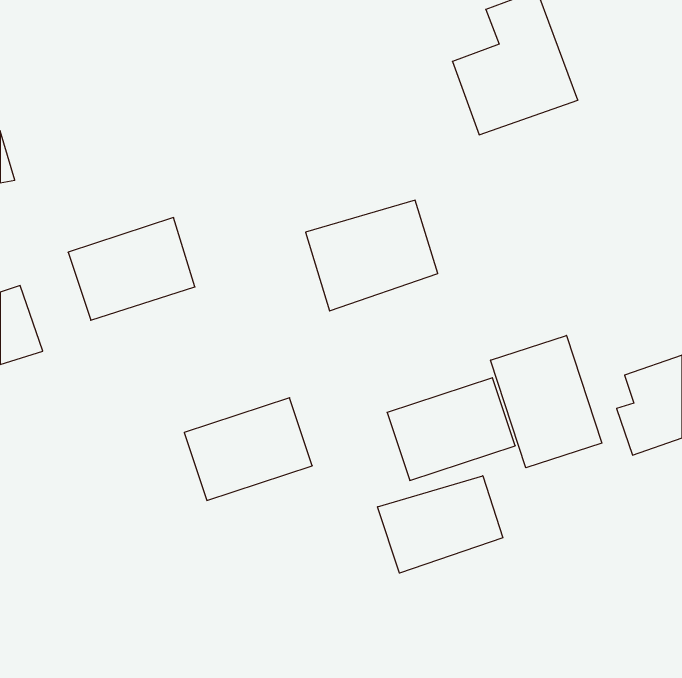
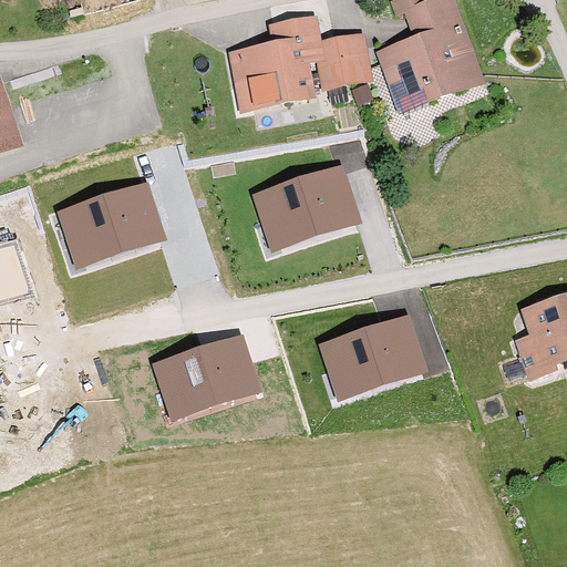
building: none -> [226,17,363,110]
building: [491,335,602,468] -> none
building: [378,476,503,573] -> none

